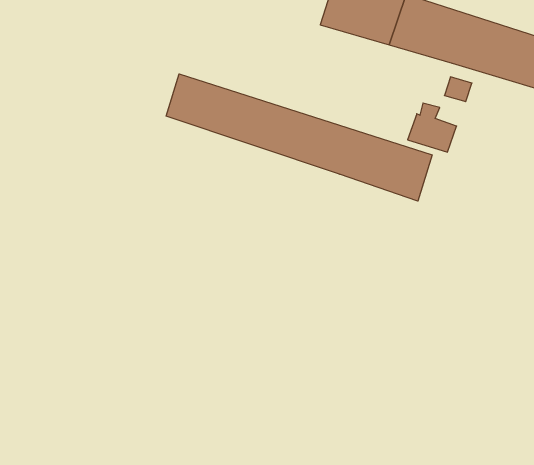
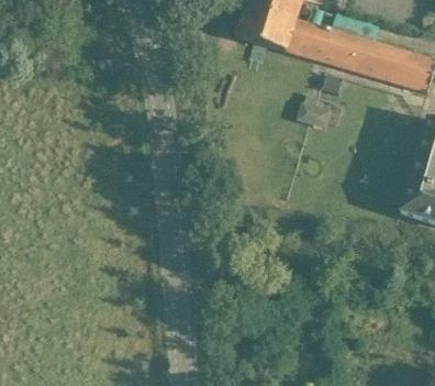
building: [166,74,432,201] -> none

